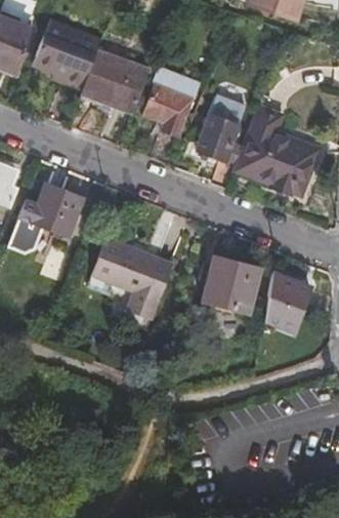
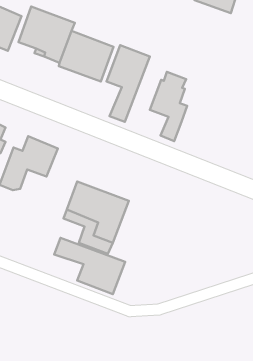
building: [239,108,317,190] -> none
building: [204,255,262,312] -> none
building: [265,268,311,331] -> none
building: none -> [54,238,125,294]

